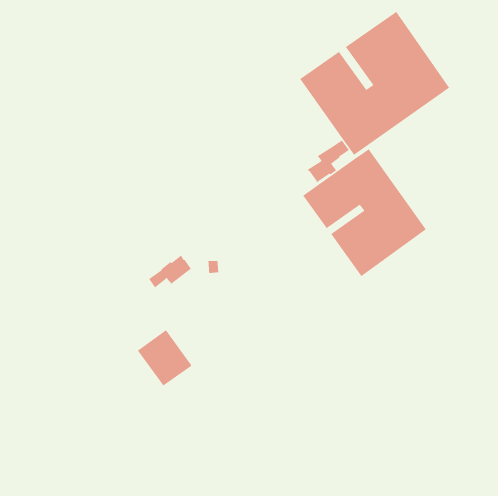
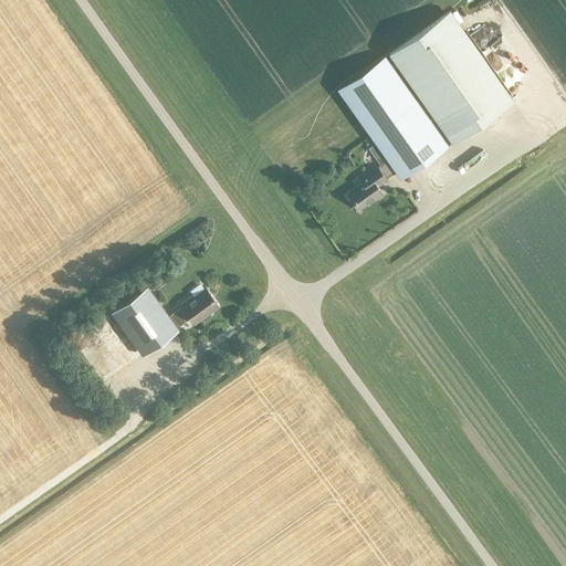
building: [302,148,427,277] -> none
building: [137,329,192,387] -> [114,290,177,355]

